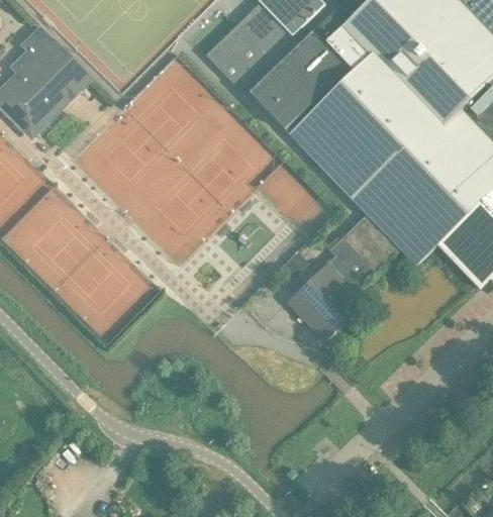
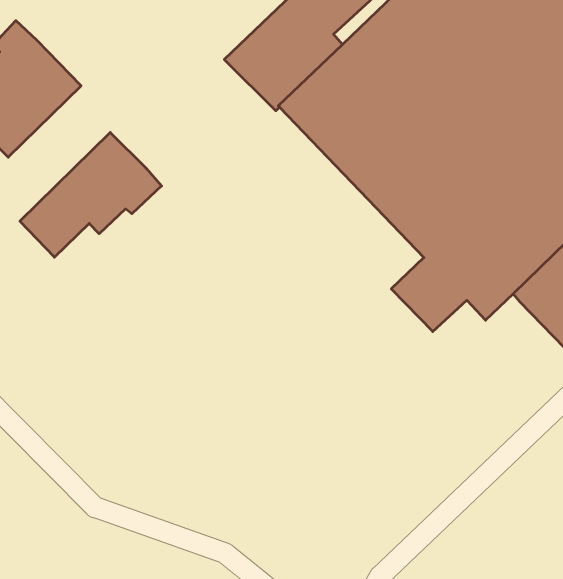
building: none -> [20,132,162,257]
building: [288,239,374,340] -> none

